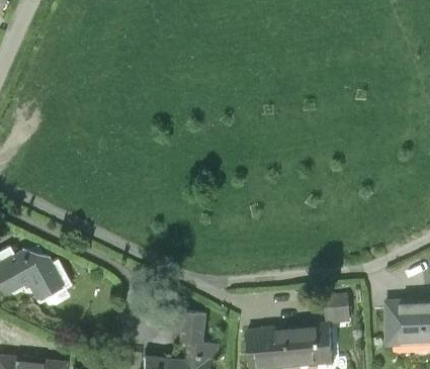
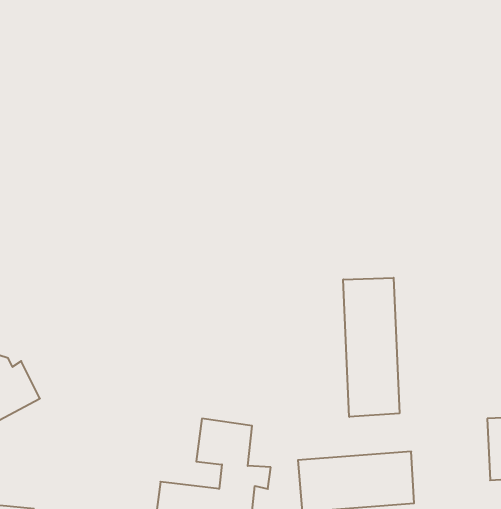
building: none -> [343,278,399,417]
building: [328,298,351,324] -> none

